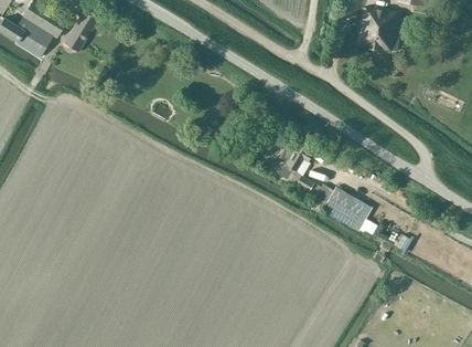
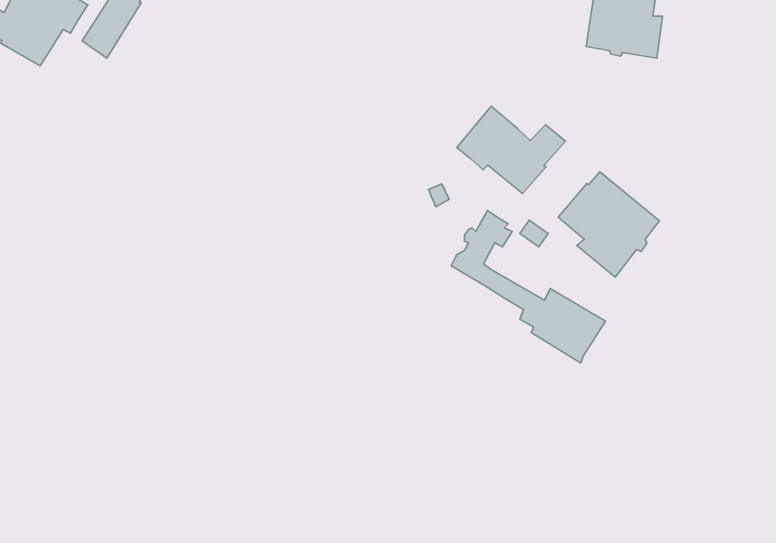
building: none -> [457,106,566,193]
building: none -> [558,172,659,277]

